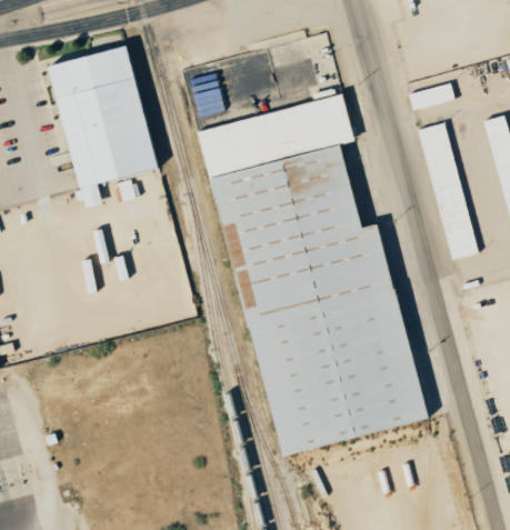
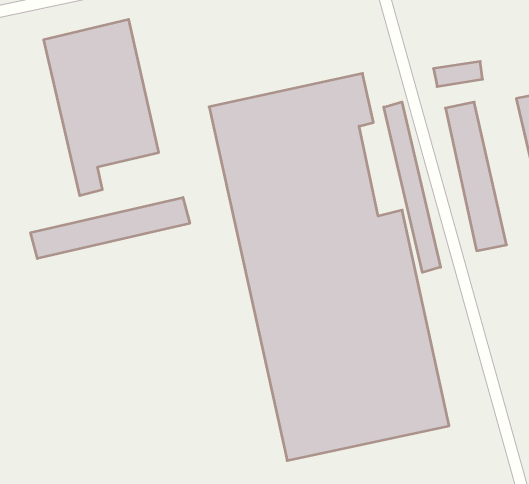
building: none -> [384,102,441,272]
building: none -> [31,197,190,259]

